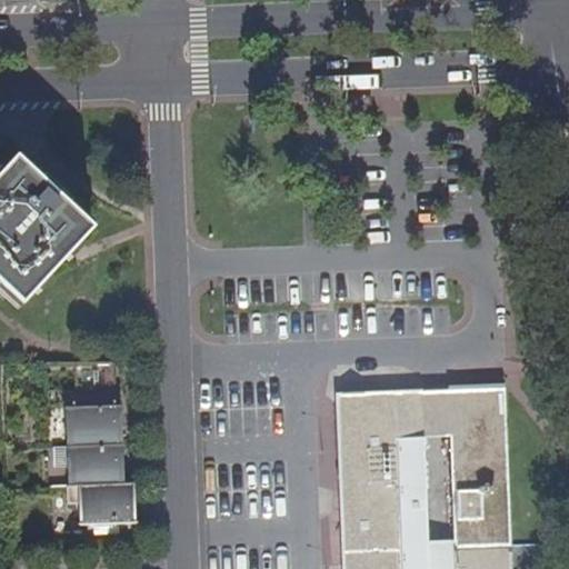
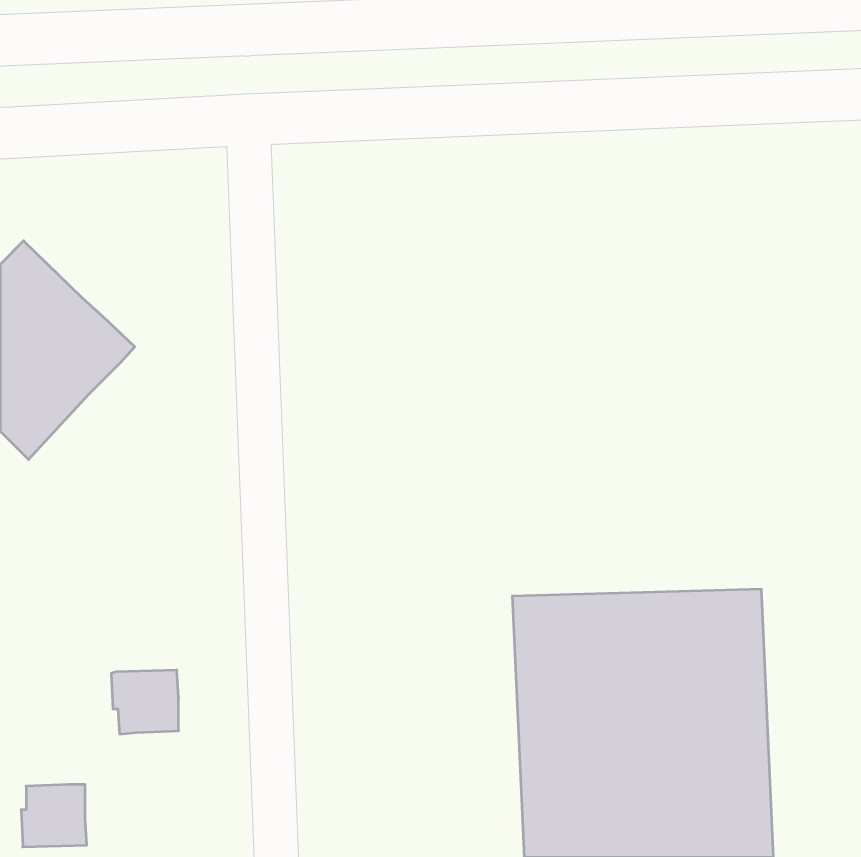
building: [73,403,117,443] -> none
building: [87,482,130,523] -> [21,785,87,847]

